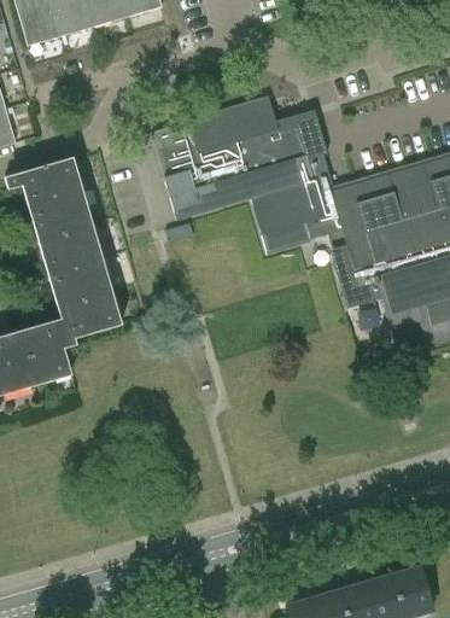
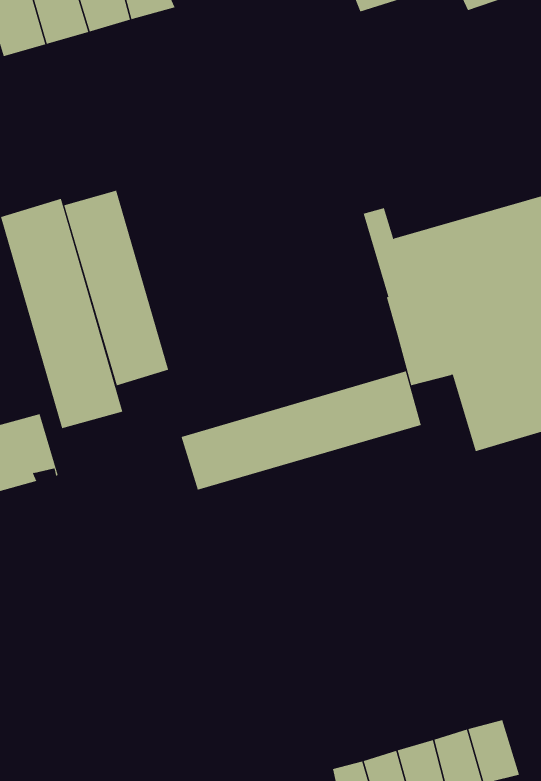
building: [157,94,328,253] -> none
building: none -> [64,190,169,386]
building: none -> [181,370,422,491]

